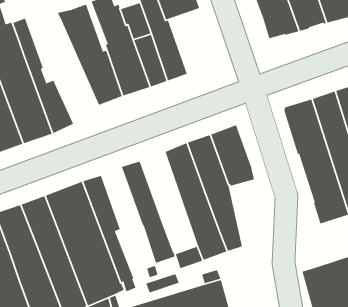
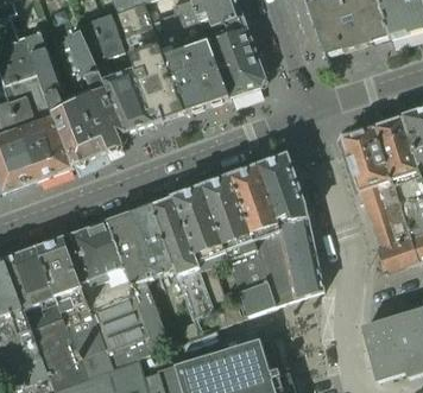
building: none -> [207,18,265,95]
building: none -> [55,30,125,153]
building: none -> [173,185,227,300]
building: none -> [128,203,175,277]
building: none -> [278,218,322,297]

